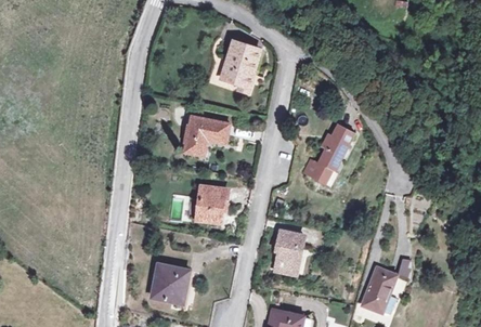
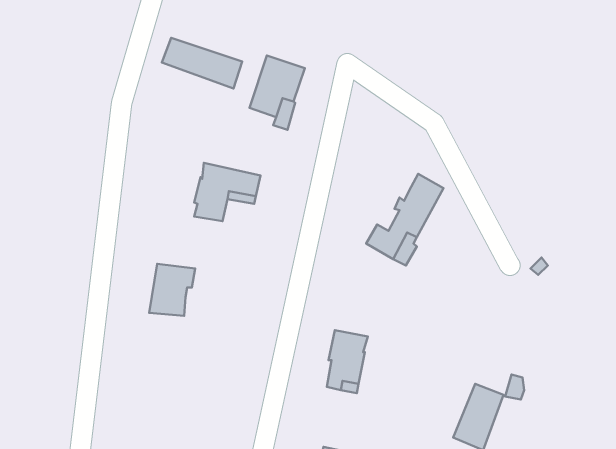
building: none -> [162,38,242,88]
building: [195,185,226,221] -> [149,264,195,316]
building: [151,264,188,303] -> none

